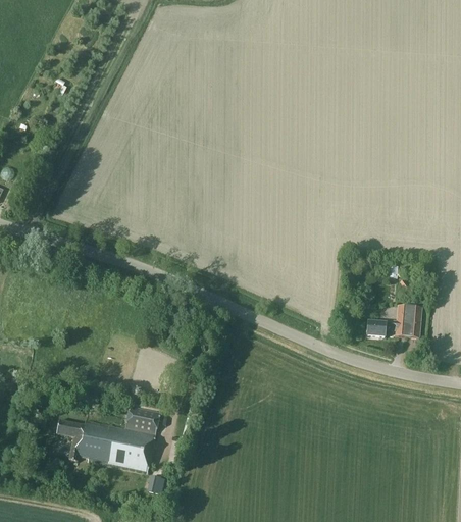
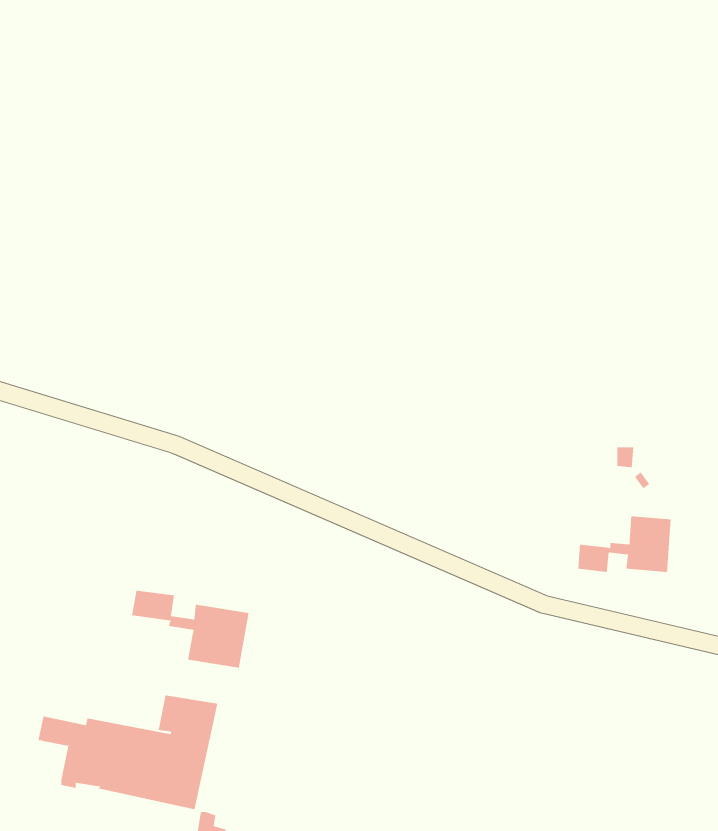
building: none -> [132,590,249,669]

